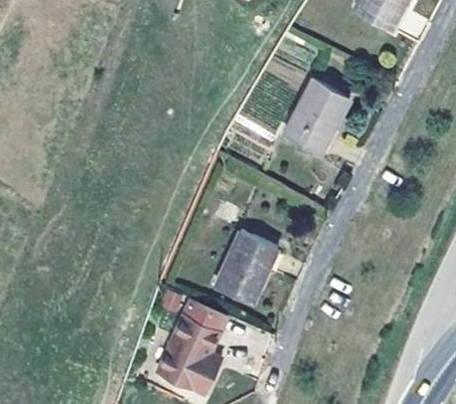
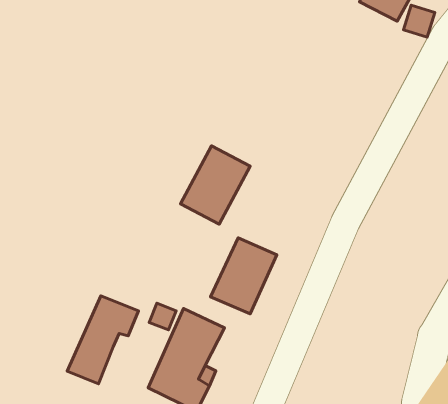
building: [284,80,349,154] -> [180,146,250,224]
building: none -> [67,296,138,384]

